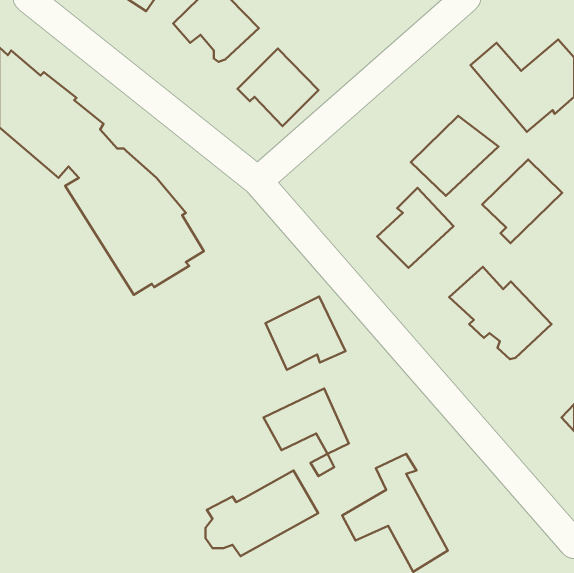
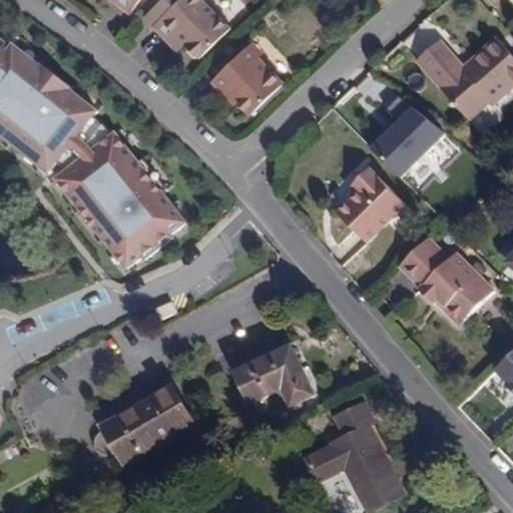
building: [482,160,562,243] -> none
building: [266,297,345,370] -> none
building: [206,471,318,556] -> [92,387,192,463]

